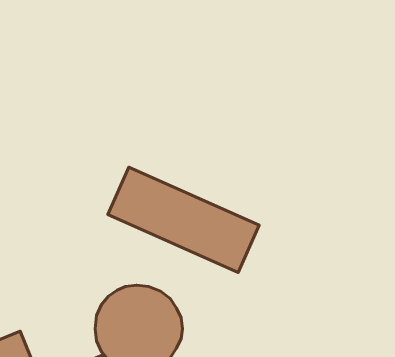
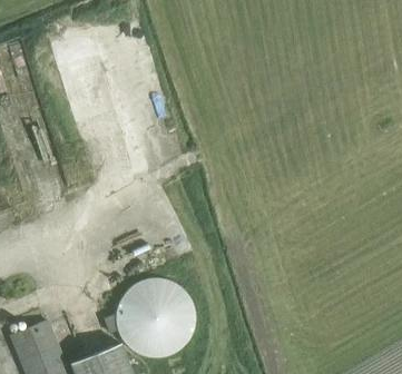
building: [108,167,259,272] -> none

